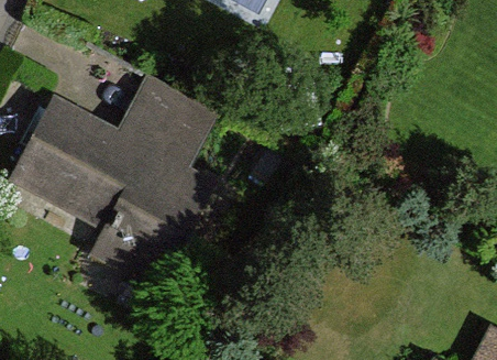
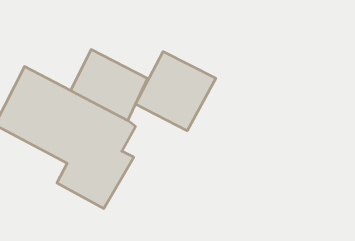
building: none -> [135,52,216,131]

